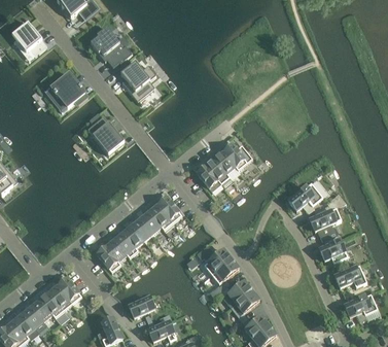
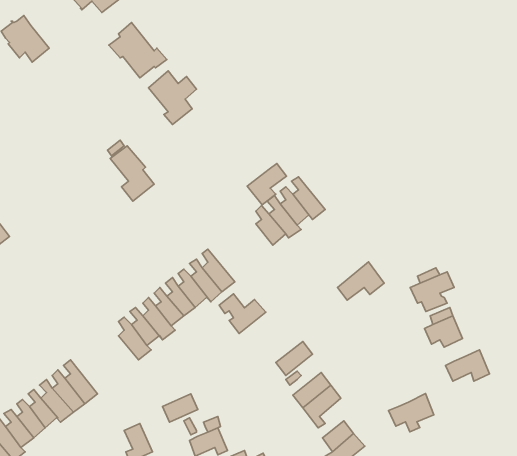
building: [51,73,84,111] -> none
building: none -> [247,164,286,205]
building: [288,182,322,210] -> [337,262,384,300]
building: [197,245,231,274] -> [219,294,266,333]
building: [344,293,377,321] -> [389,394,434,432]

